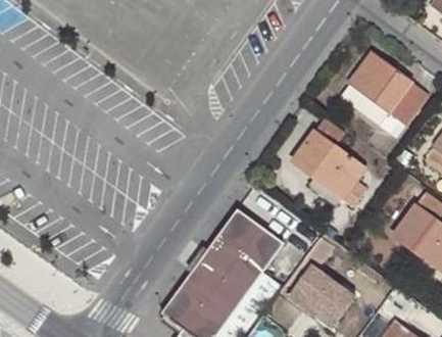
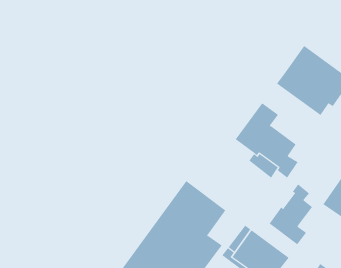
building: none -> [269,184,313,245]

